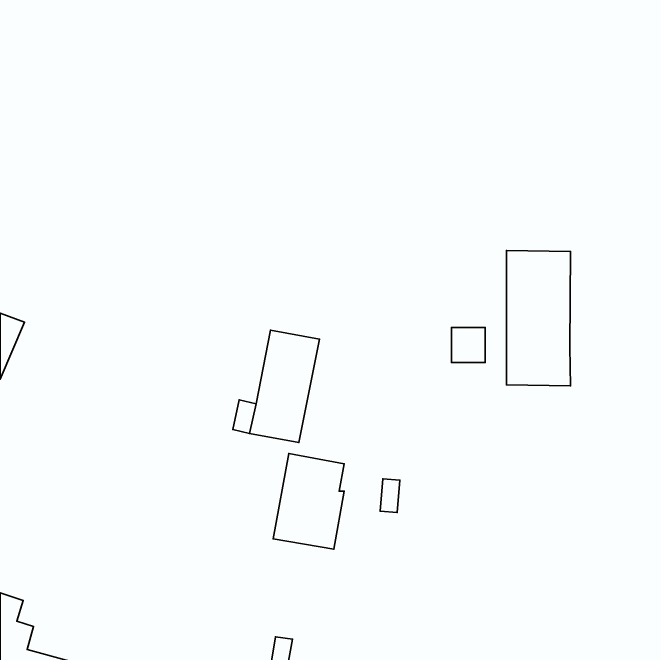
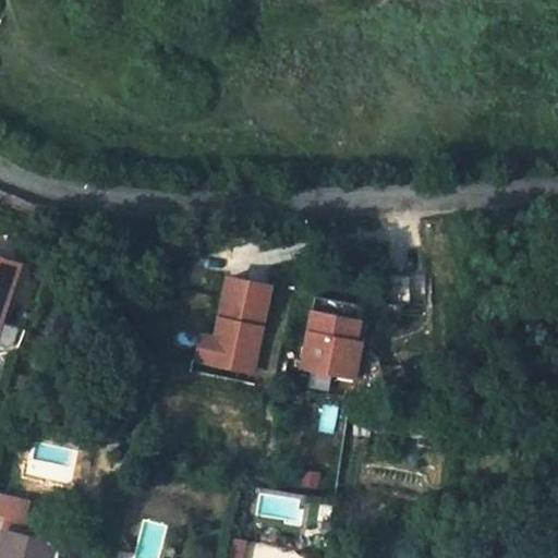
building: [506,251,570,386] -> none
building: [273,453,344,549] -> [302,296,362,377]

